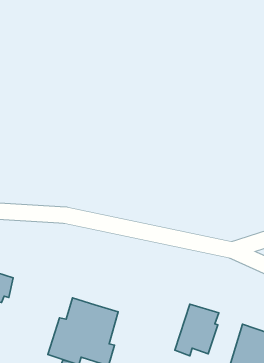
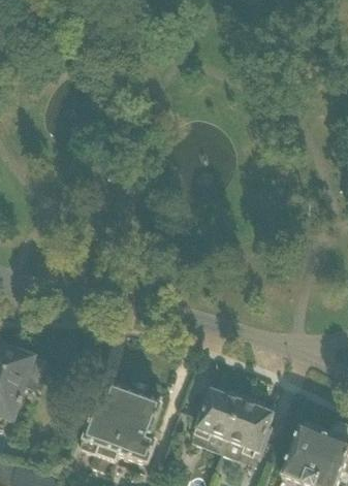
building: none -> [190,387,241,450]

